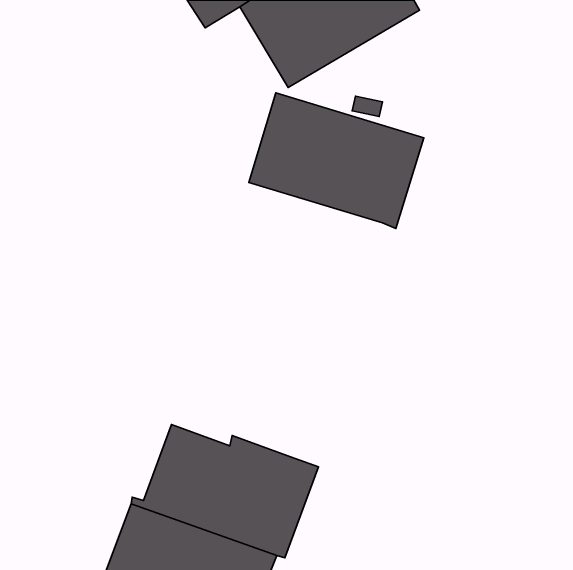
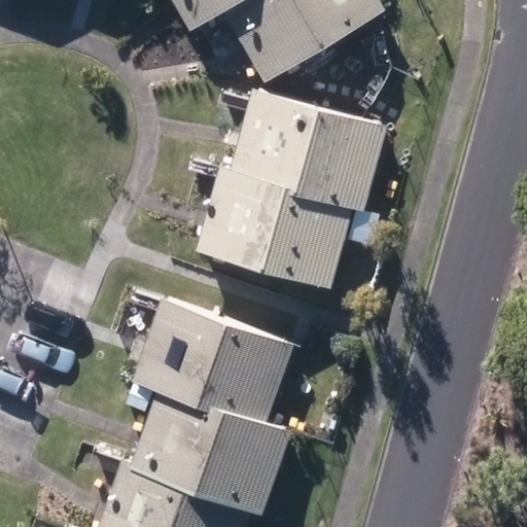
building: none -> [196,168,351,287]
building: none -> [132,296,295,422]

